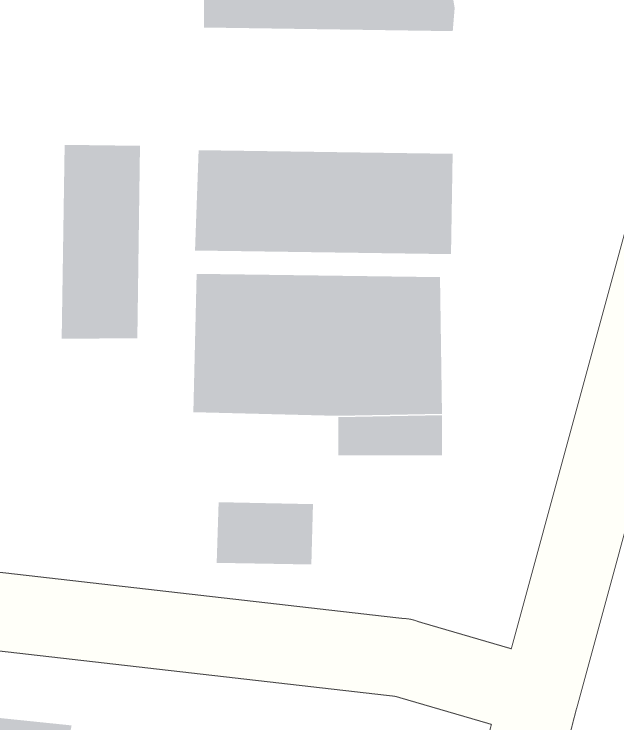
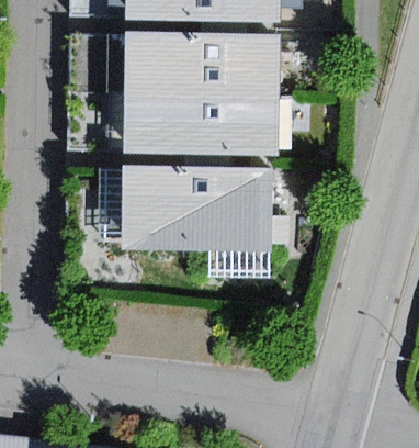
building: none -> [124,31,280,93]
building: [61,144,141,339] -> none

